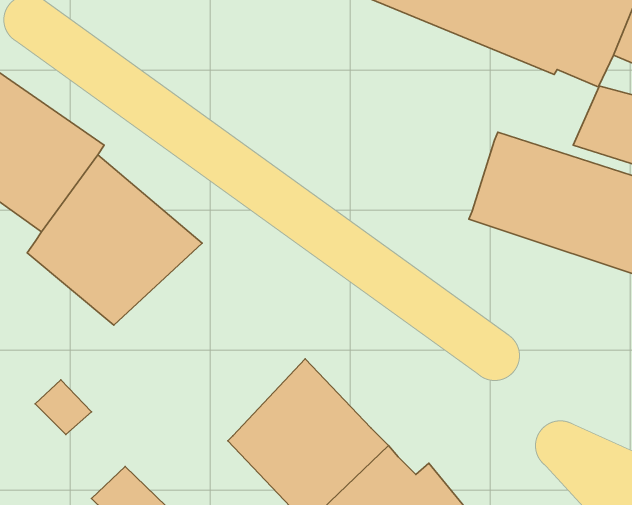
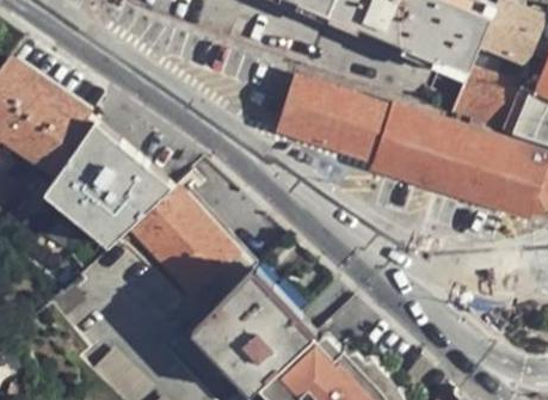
building: none -> [279,78,392,162]
building: none -> [130,187,253,330]

